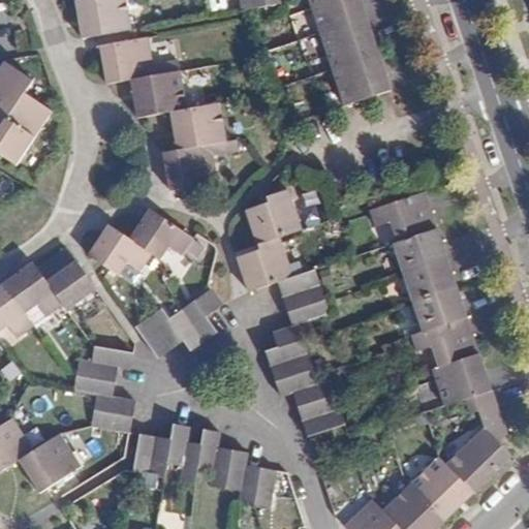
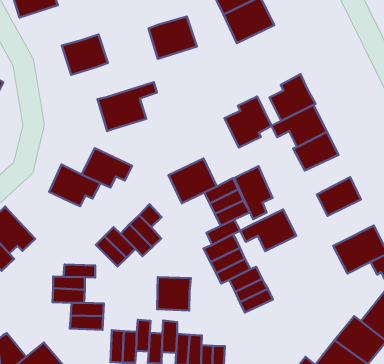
building: [98,35,154,83] -> none
building: [168,102,224,149] -> [148,16,197,59]
building: none -> [269,74,315,121]
building: [241,190,297,249] -> [224,96,271,148]
building: [37,250,97,314] -> none
building: [403,258,457,303] -> none
building: none -> [234,166,273,219]
building: [410,316,477,364] -> [240,209,296,251]
building: none -> [157,277,191,310]

